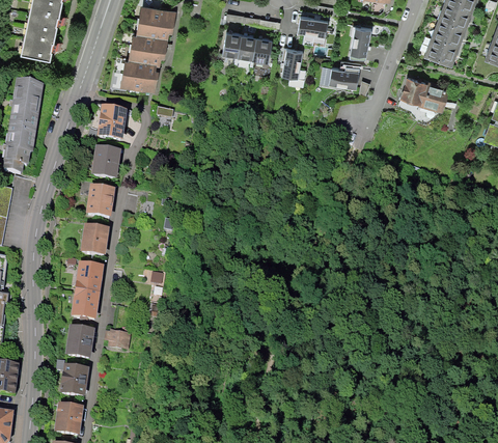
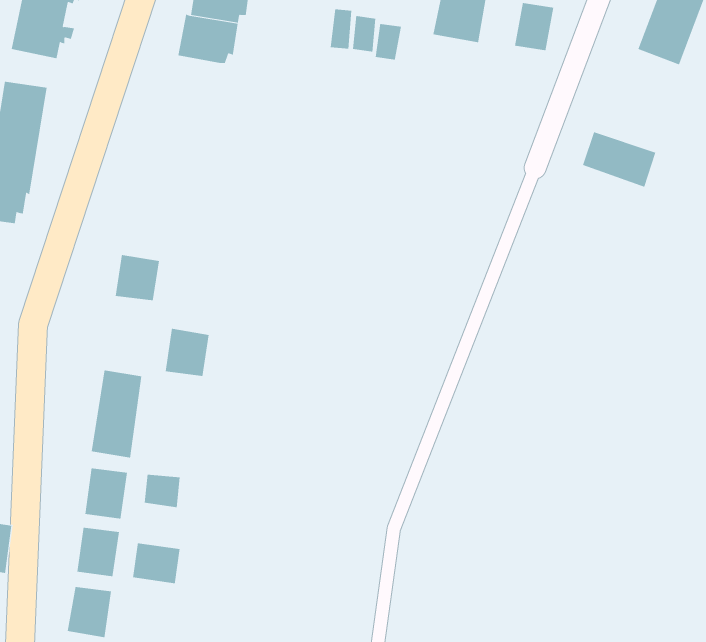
building: [278,49,303,78] -> none
building: [118,59,158,93] -> none
building: [327,67,359,89] -> none
building: [399,77,447,113] -> [582,131,656,188]
building: [95,103,126,137] -> none
building: [92,151,122,184] -> none
building: [81,225,110,256] -> [165,328,210,376]
building: none -> [133,542,180,584]

